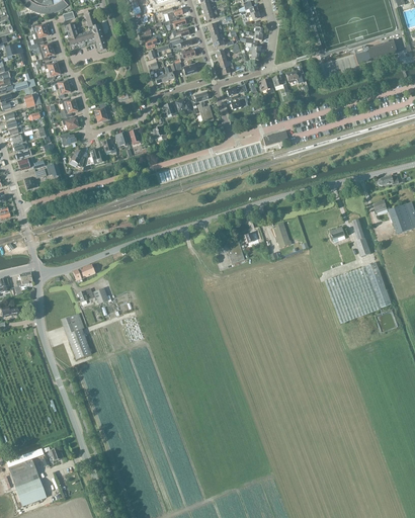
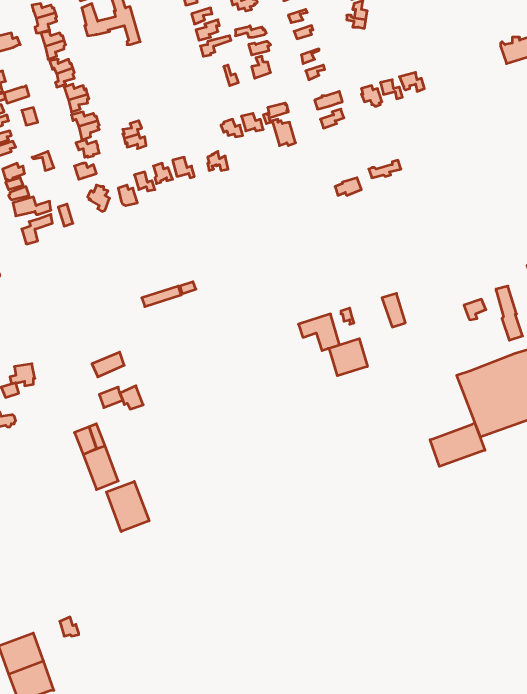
building: none -> [328,339,367,376]
building: none -> [430,422,485,466]
building: none -> [106,481,149,532]

